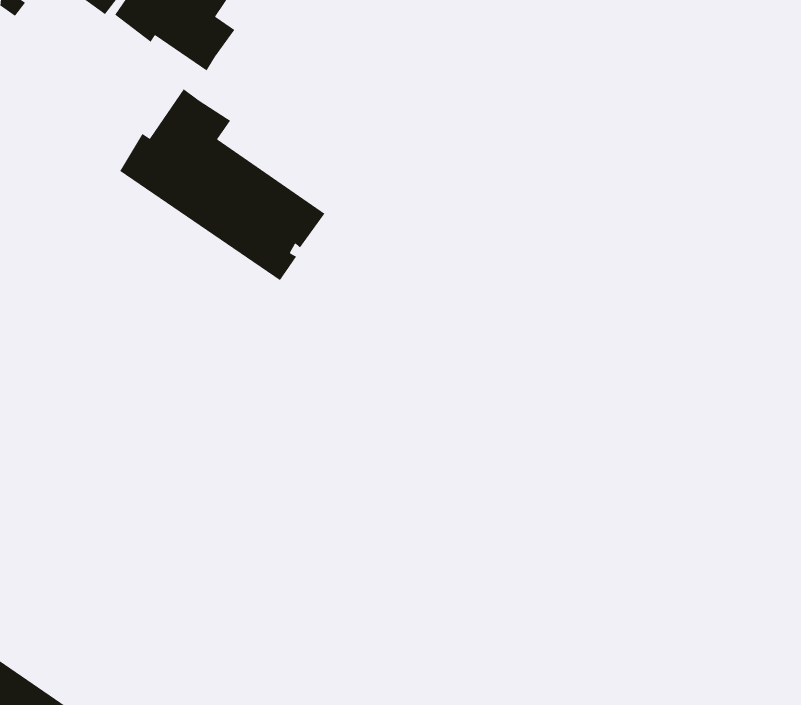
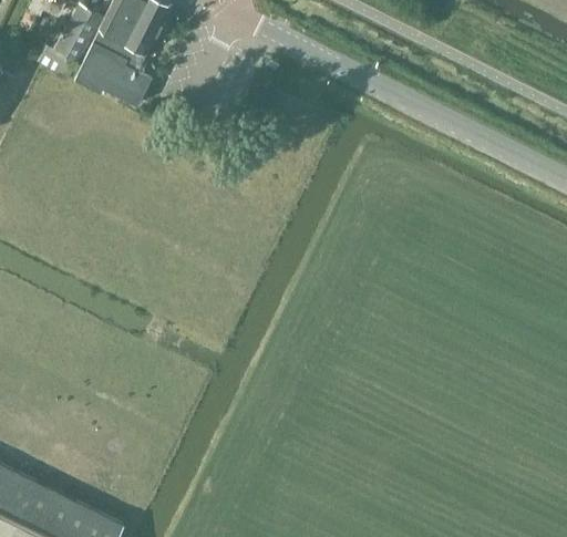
building: [119,88,325,281] -> none

